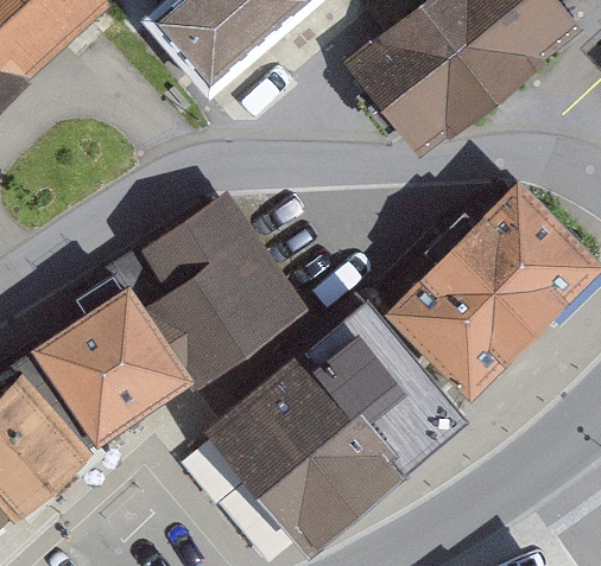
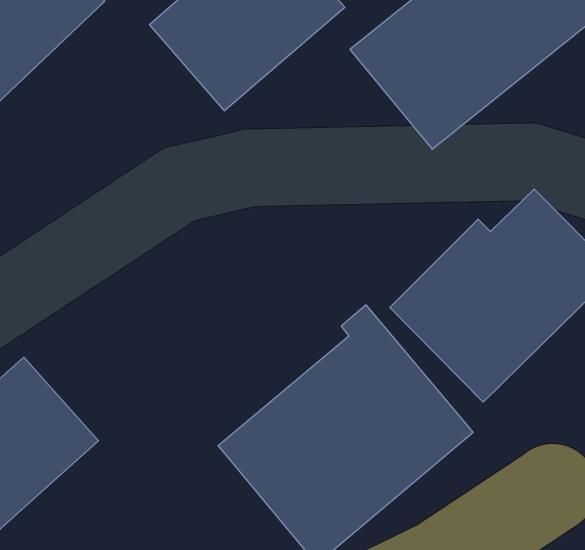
building: [147,192,308,362] -> none
building: [30,278,185,432] -> none

